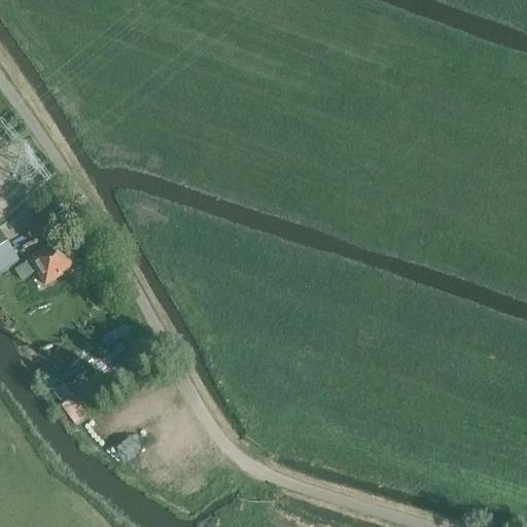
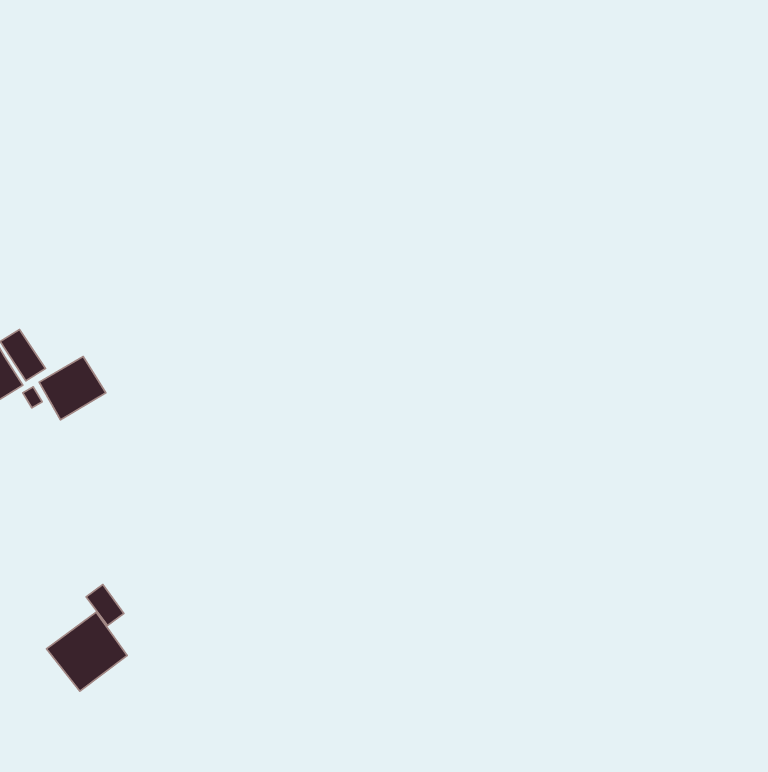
building: none -> [46,612,127,691]

